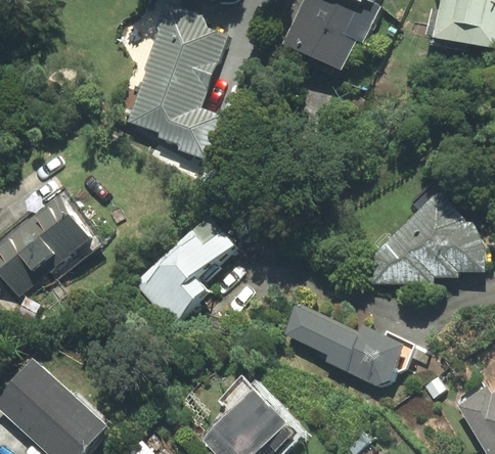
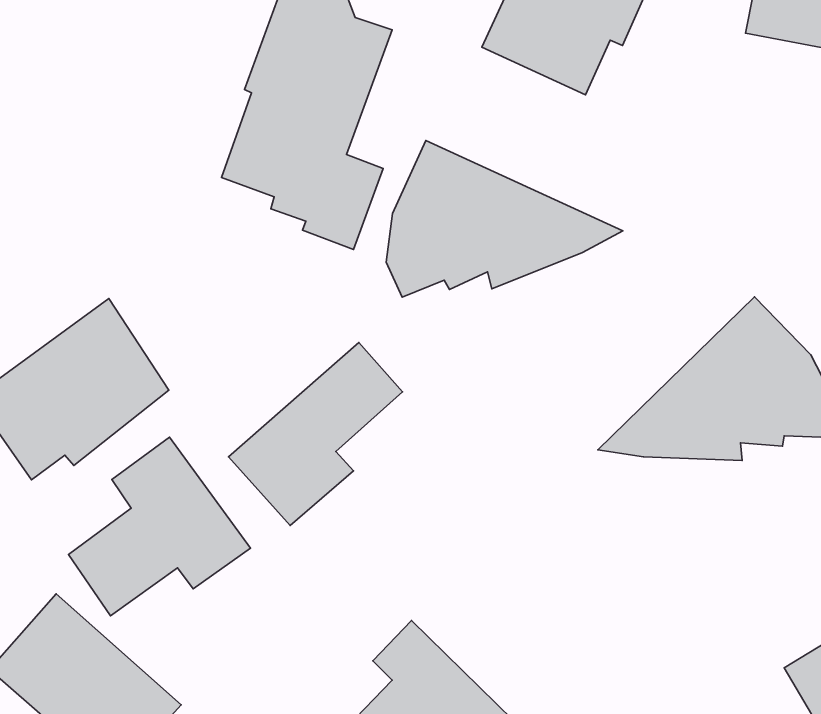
building: none -> [386,141,623,297]
building: none -> [69,437,250,616]
building: [283,305,416,384] -> none

